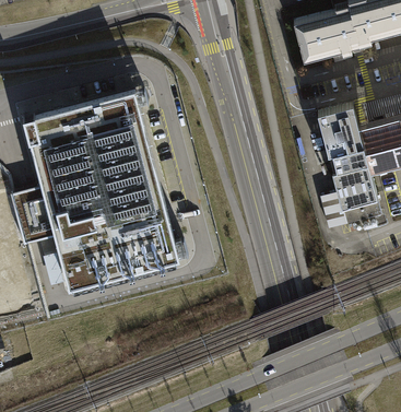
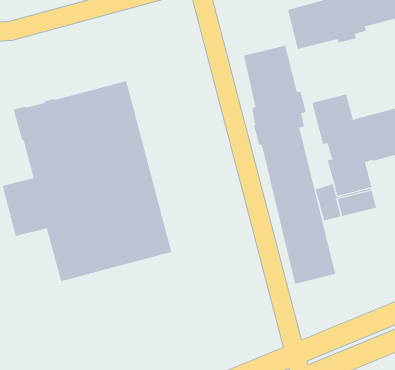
building: none -> [244,45,336,285]

